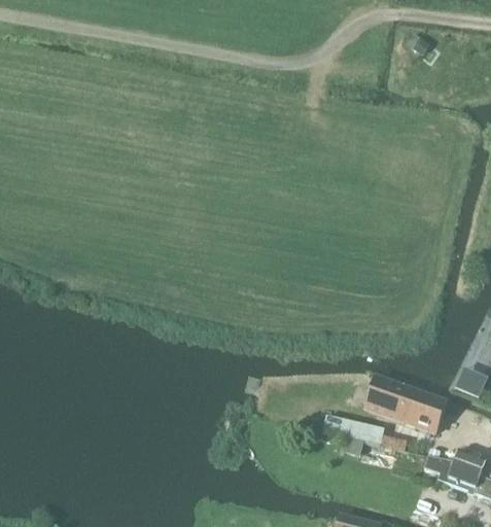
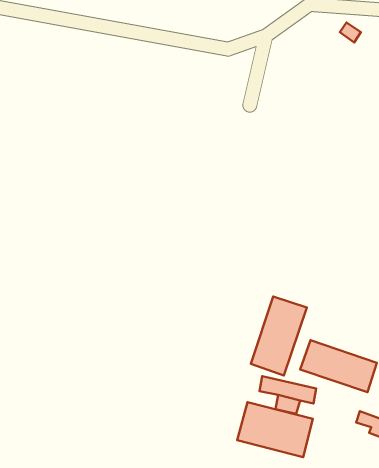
building: none -> [251,297,307,375]
building: none -> [237,402,313,457]

